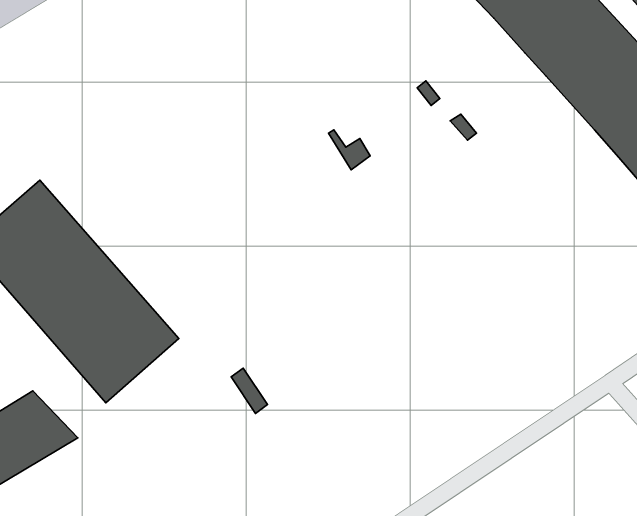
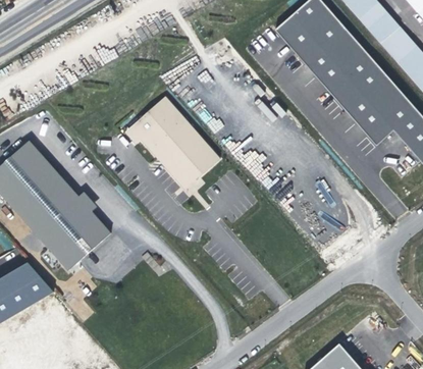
building: none -> [130,100,219,188]

